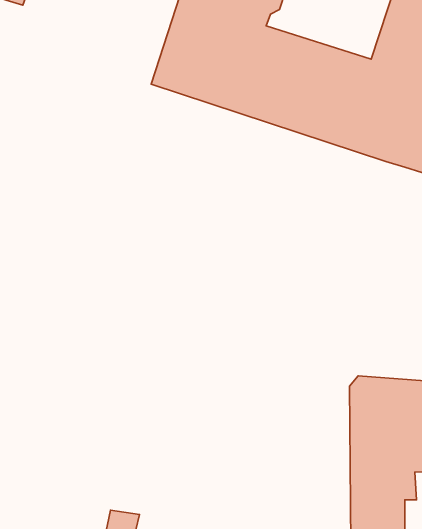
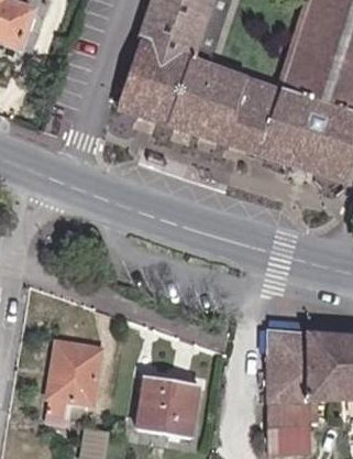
building: none -> [43,341,100,424]
building: none -> [135,374,198,437]

